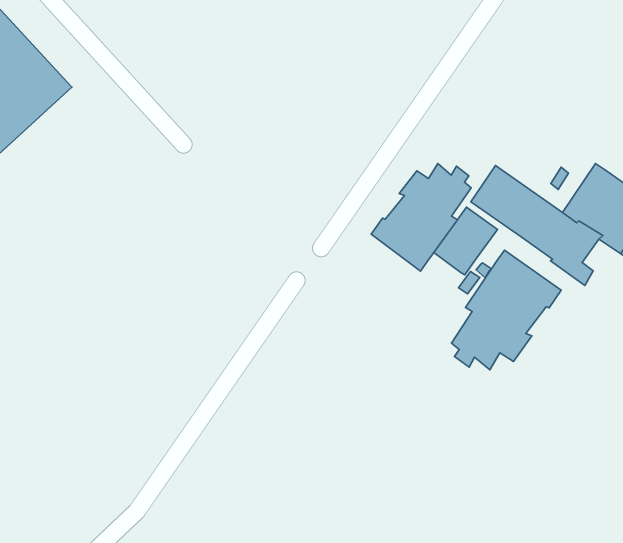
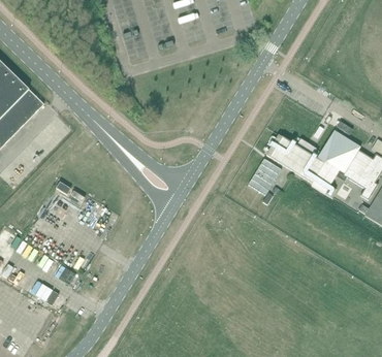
building: [371,163,471,271] -> none
building: [451,250,561,370] -> none

